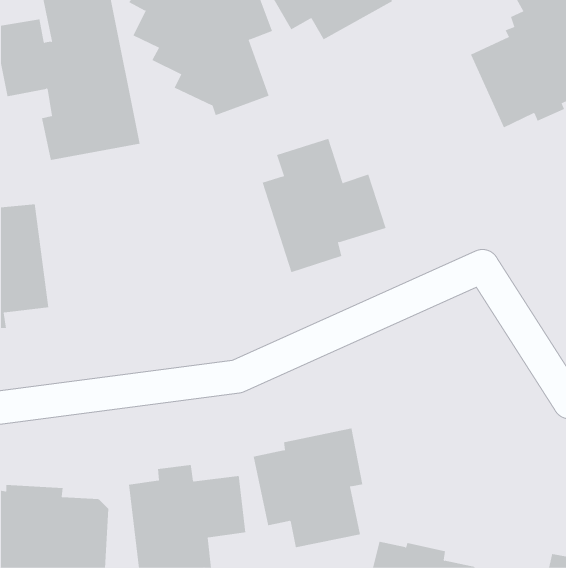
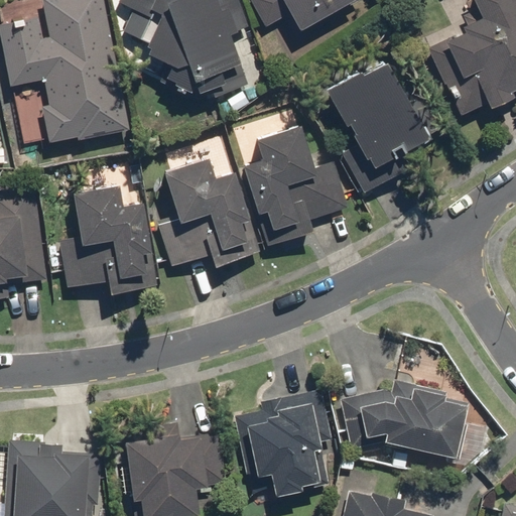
building: none -> [322,59,427,194]
building: none -> [156,159,260,268]
building: none -> [57,185,159,295]
building: none -> [338,378,489,466]

